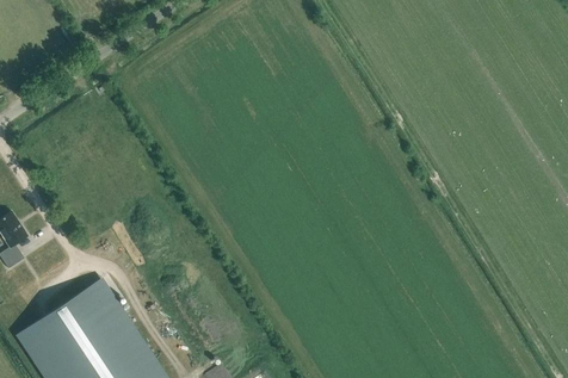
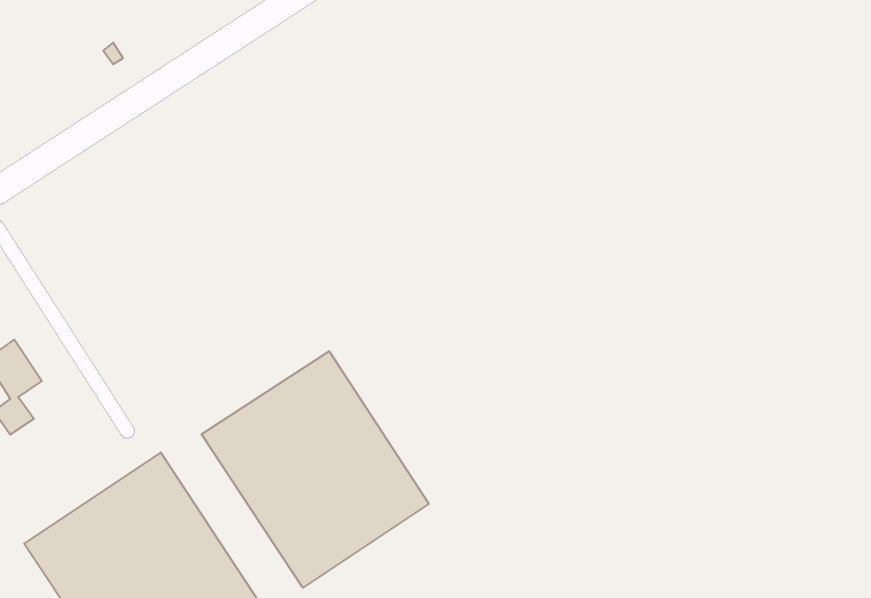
building: none -> [202,351,429,588]

